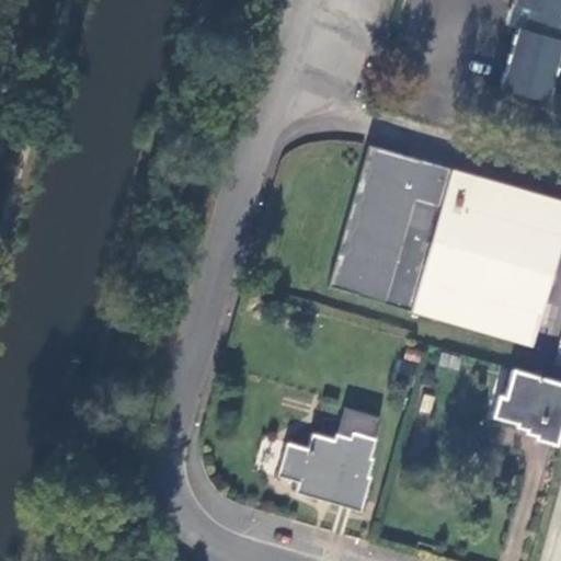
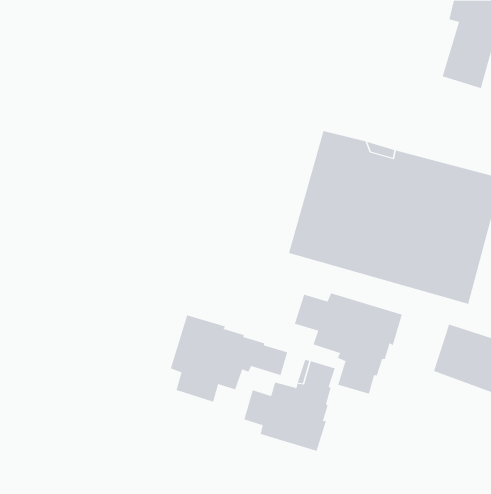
building: none -> [294,292,402,395]
building: none -> [170,314,288,402]

